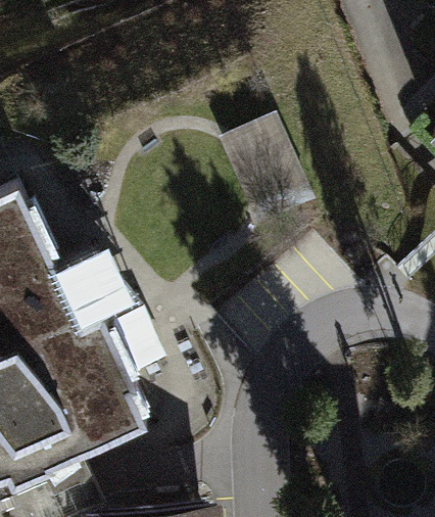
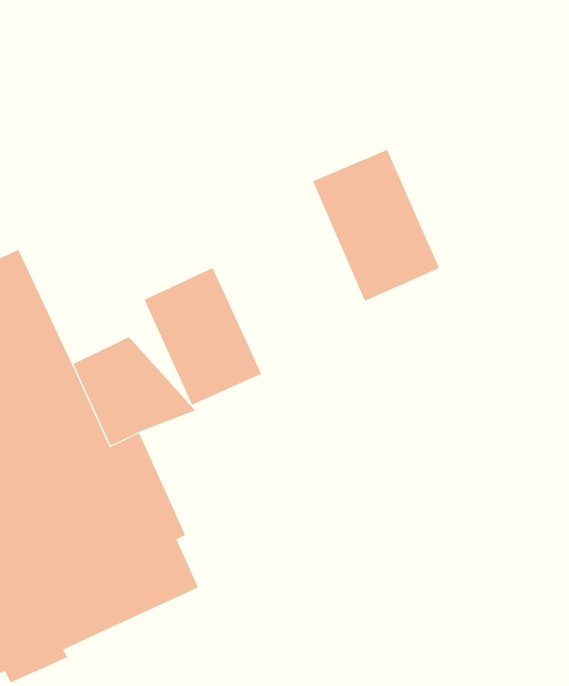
building: none -> [144,267,262,406]

